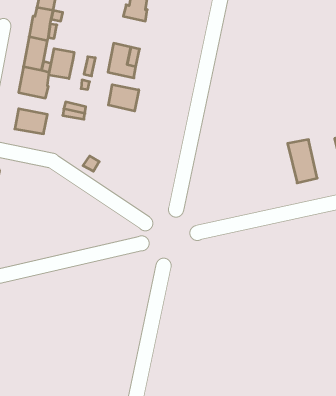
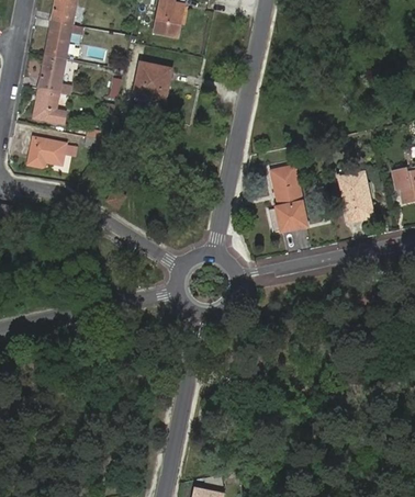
building: [49,49,74,79] -> none
building: [108,85,139,111] -> none
building: none -> [270,167,307,231]

